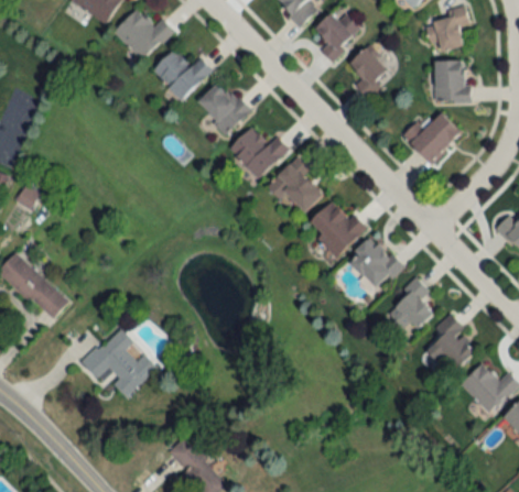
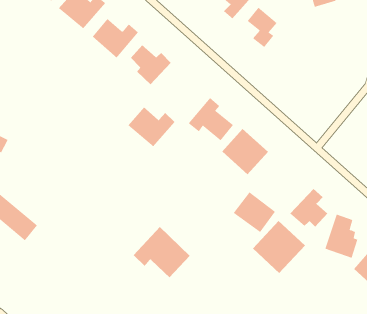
building: [434,62,467,102] -> none
building: [402,112,462,163] -> none
building: [228,127,289,178] -> [127,107,175,147]
building: [347,237,401,289] -> [233,192,276,233]
building: none -> [252,220,306,274]
building: [83,328,155,394] -> [133,226,191,278]

